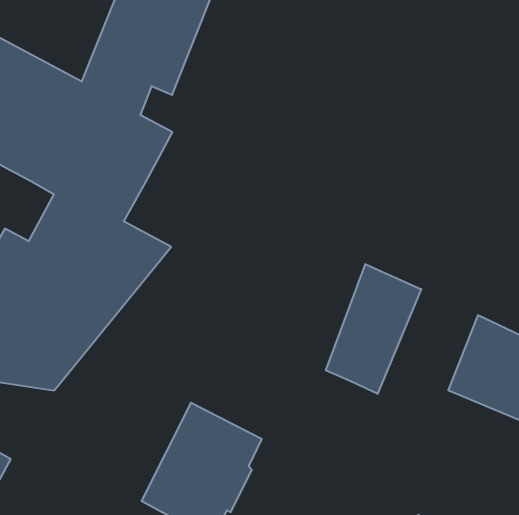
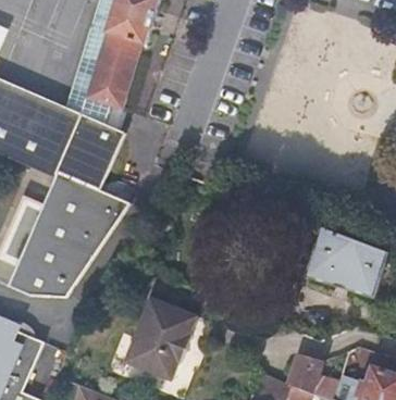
building: [326,264,421,394] -> none

